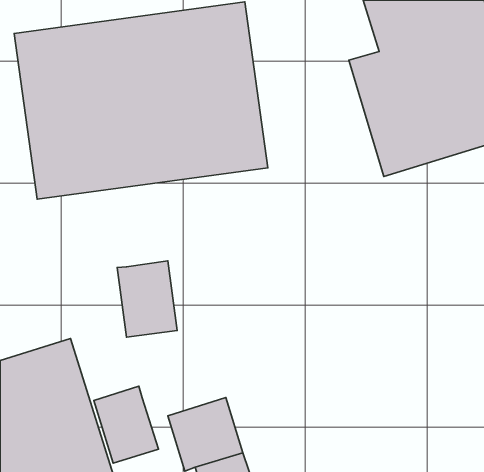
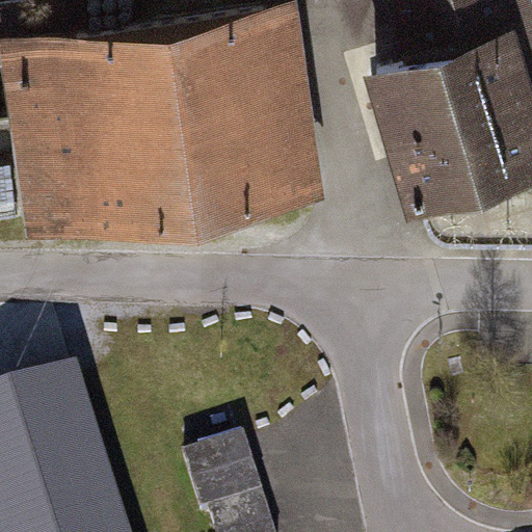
building: [117,261,177,337] -> none
building: [94,386,159,463] -> none

